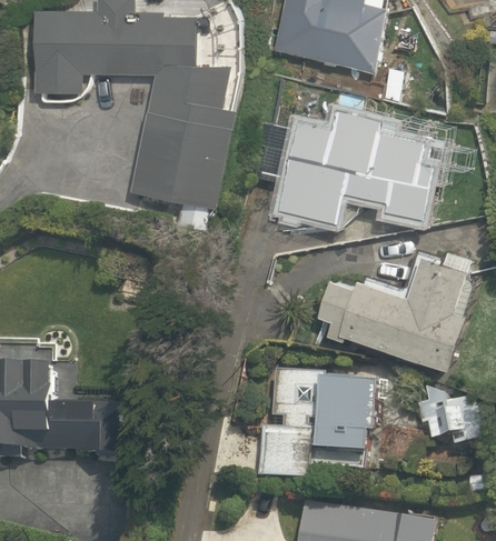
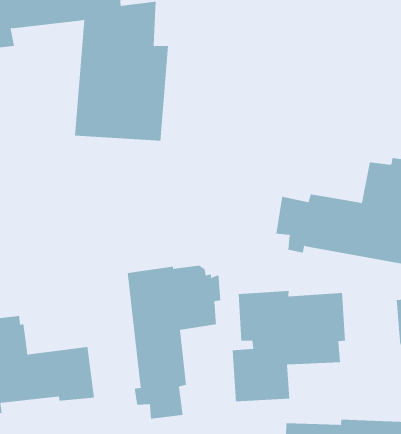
building: [260,110,448,220] -> none
building: none -> [127,265,221,419]

